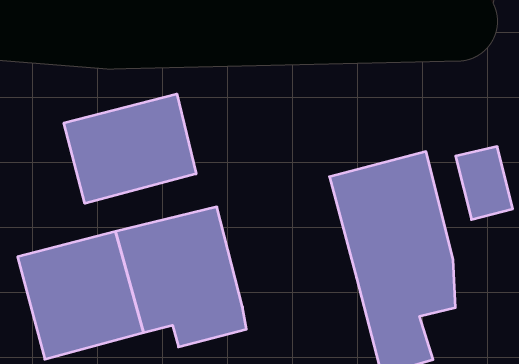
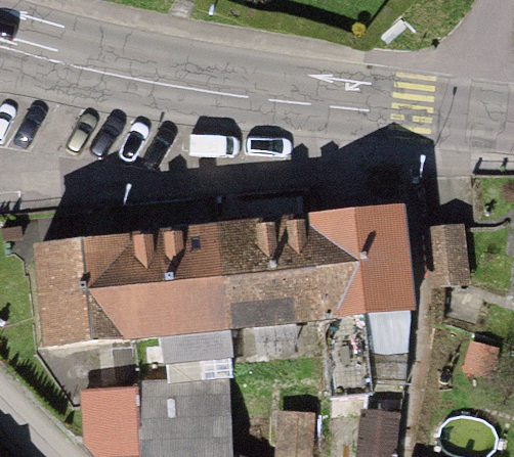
building: [64,94,196,203] -> none
building: none -> [215,215,325,322]

